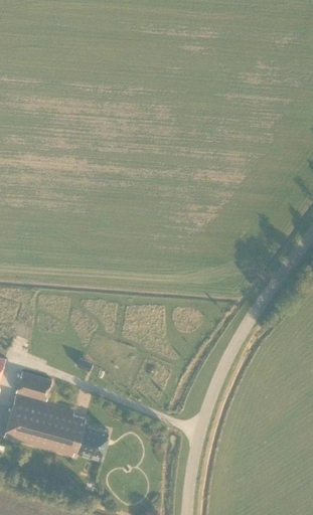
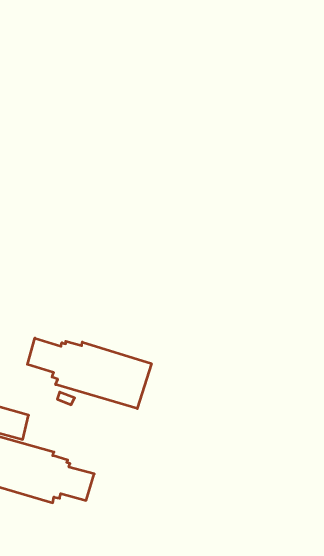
building: none -> [27,338,151,409]

